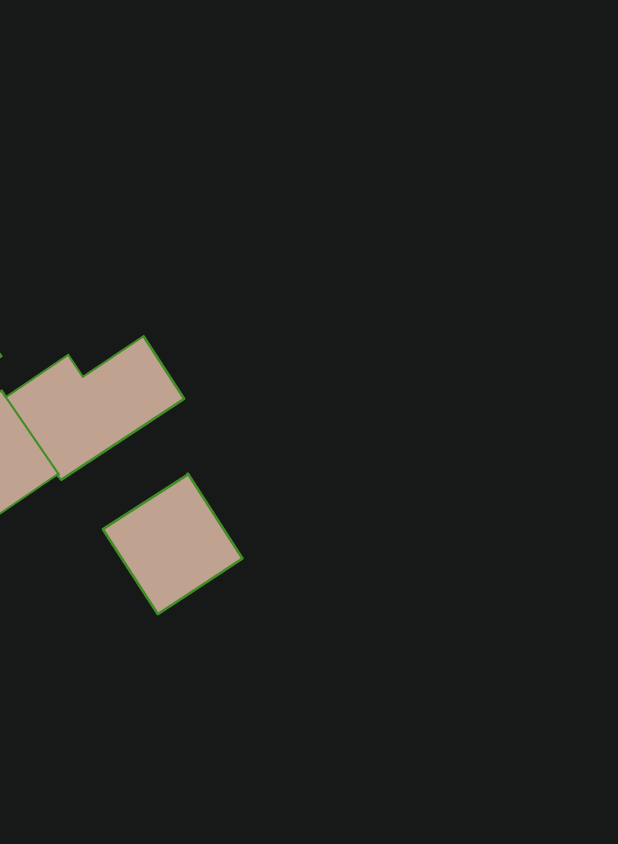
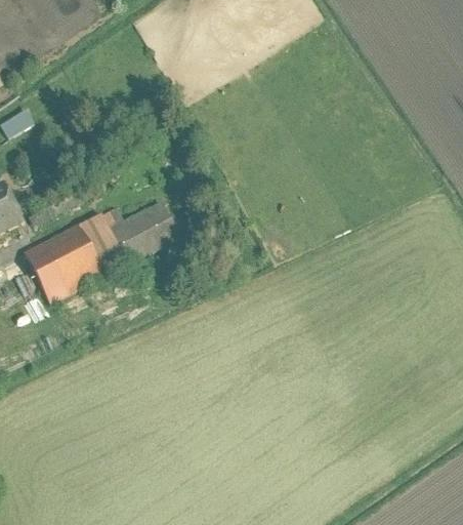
building: [103,474,243,614] -> none

